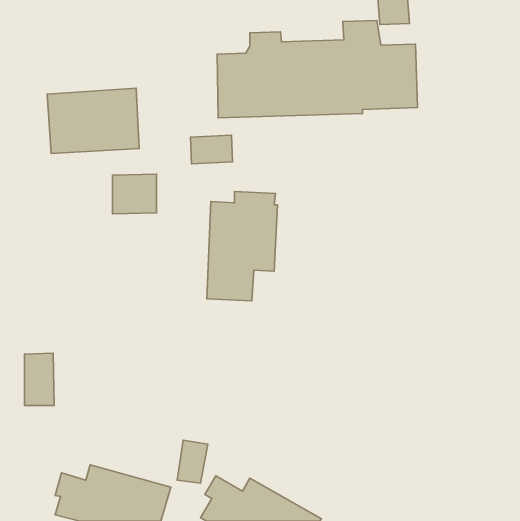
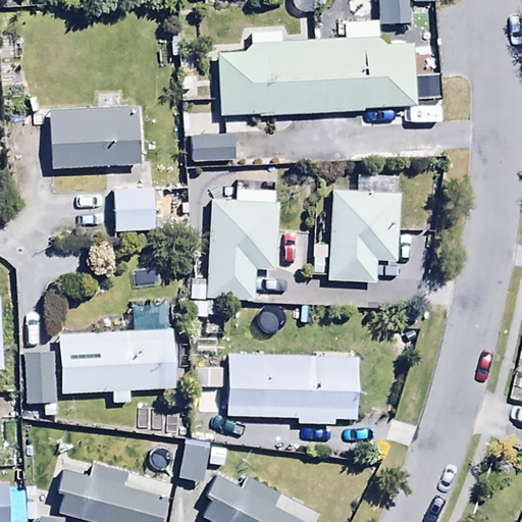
building: none -> [328,174,402,283]
building: none -> [59,328,177,404]
building: none -> [227,351,360,425]

